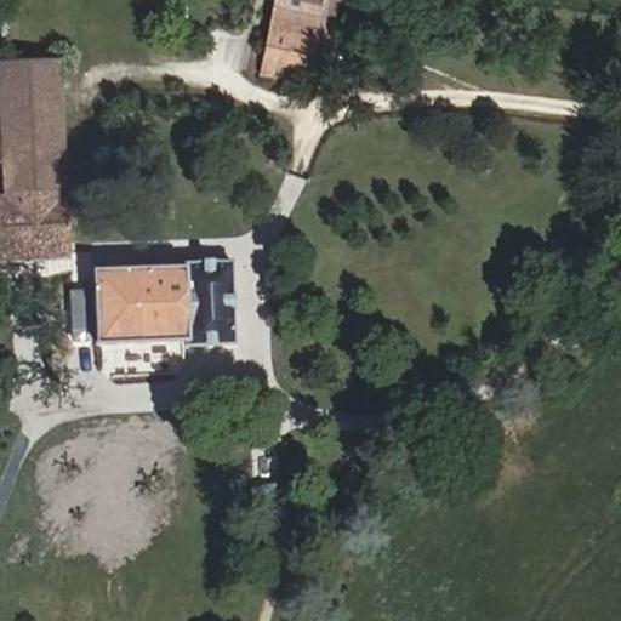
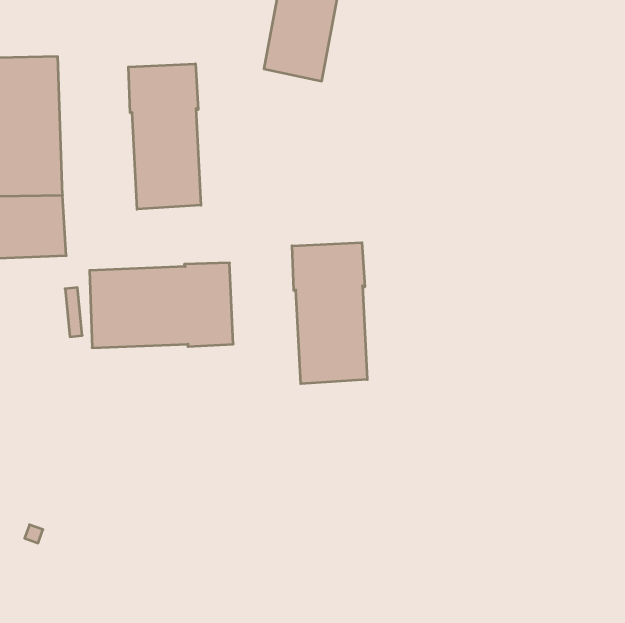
building: none -> [128,64,201,209]
building: none -> [292,243,367,384]

